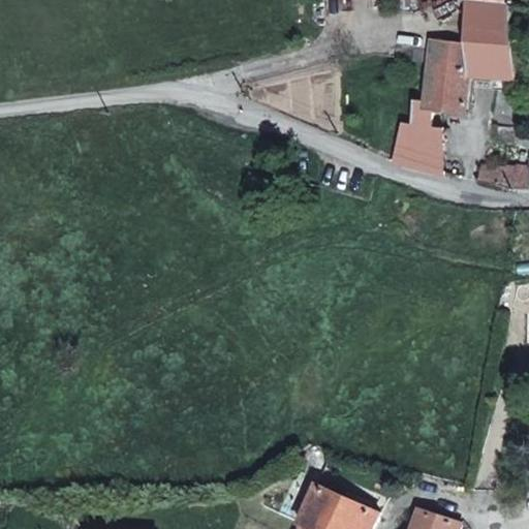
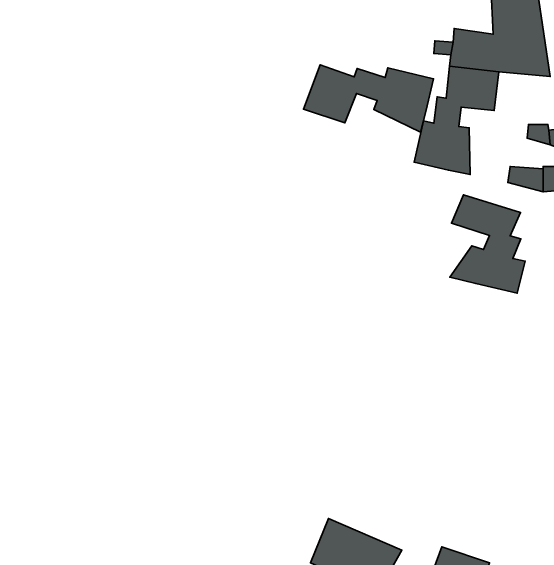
building: none -> [304,65,433,132]
building: none -> [450,195,525,293]

